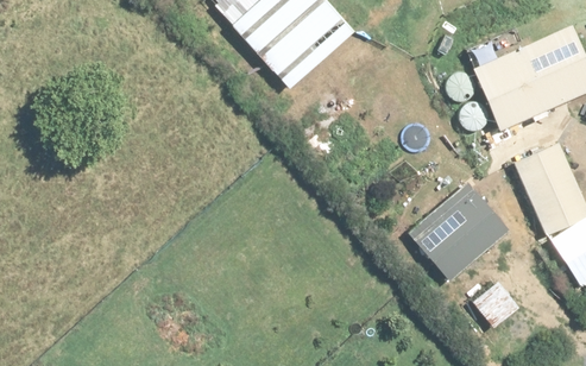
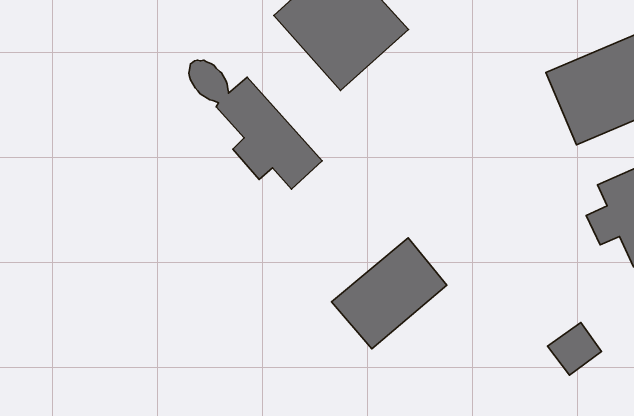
building: none -> [189,60,322,189]
building: [414,187,512,282] -> [332,238,447,349]

